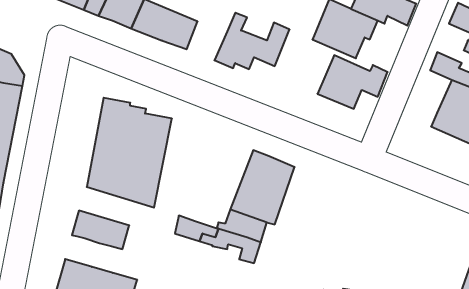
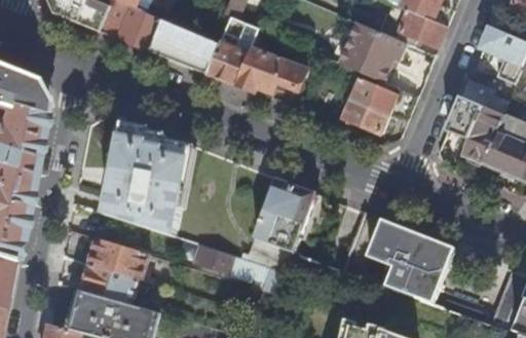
building: none -> [208,32,250,84]
building: none -> [446,95,483,139]
building: none -> [363,220,455,304]
building: none -> [81,266,135,305]

